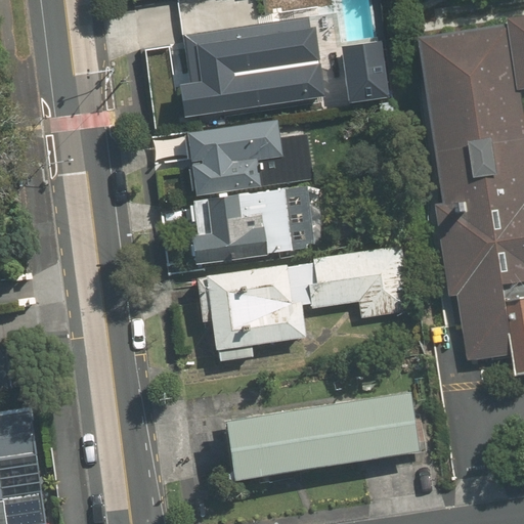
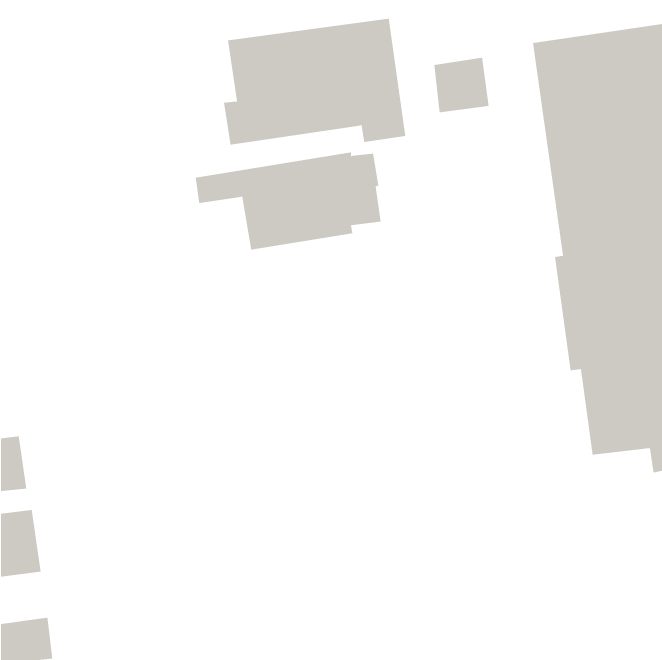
building: [188,192,310,267] -> none
building: [193,249,407,360] -> none
building: [221,392,417,477] -> none

